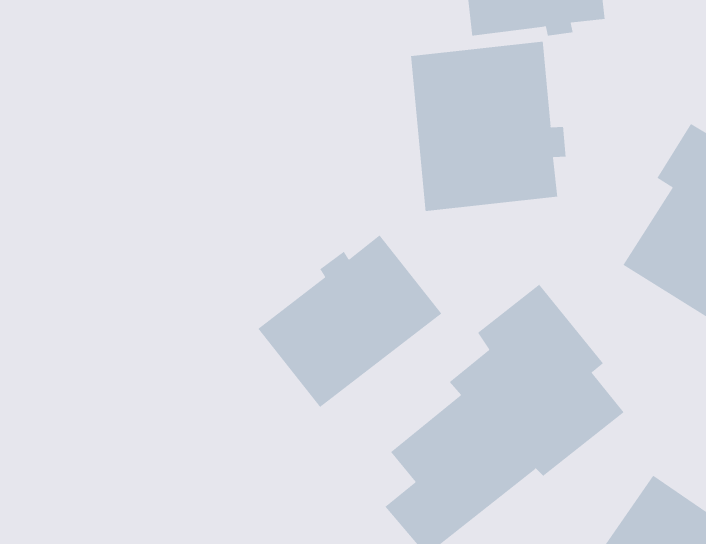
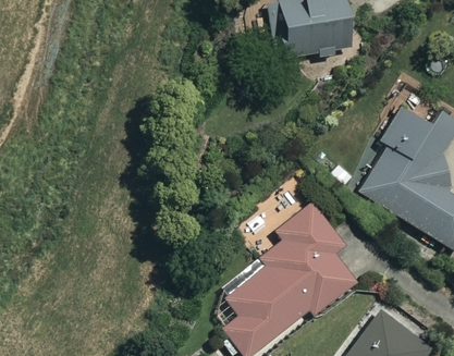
building: [411,41,566,212] -> none
building: [257,235,442,408] -> none

